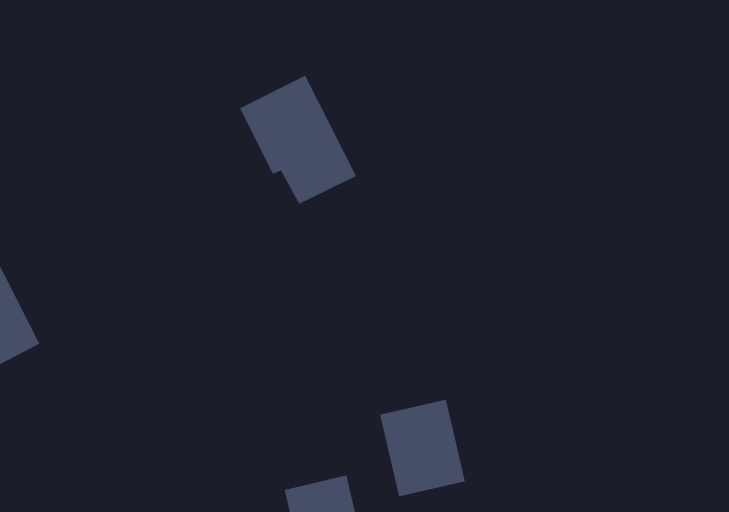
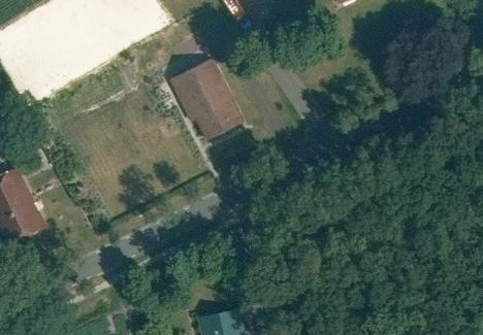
building: [380,399,465,497] -> none

